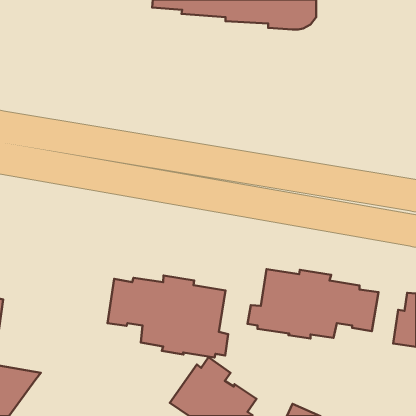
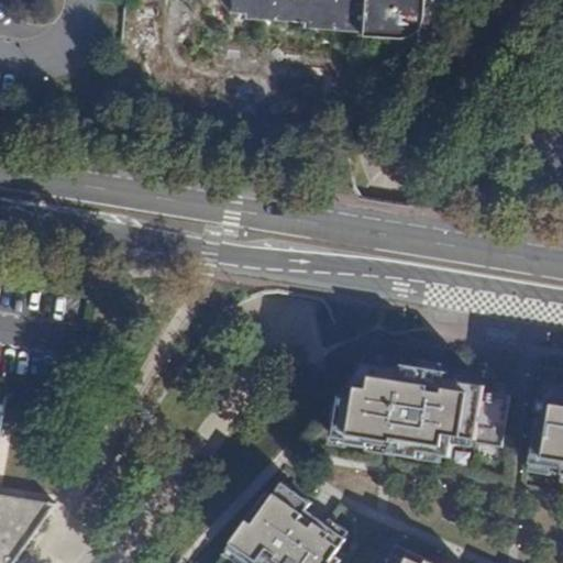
building: [107,276,228,358] -> none

